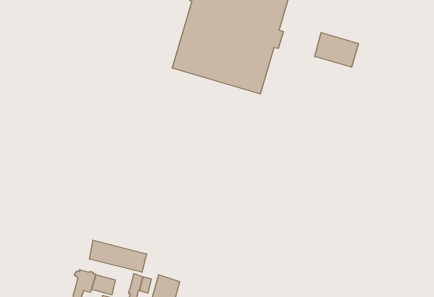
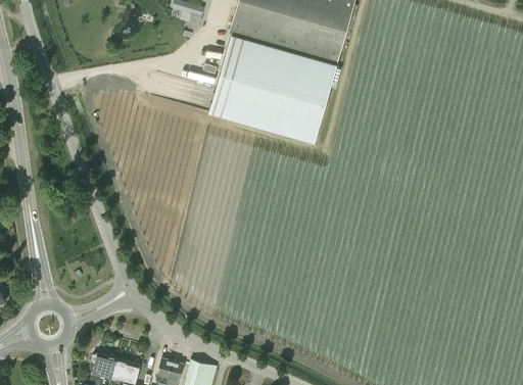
building: [315,32,358,67] -> none
building: [89,240,146,272] -> none

